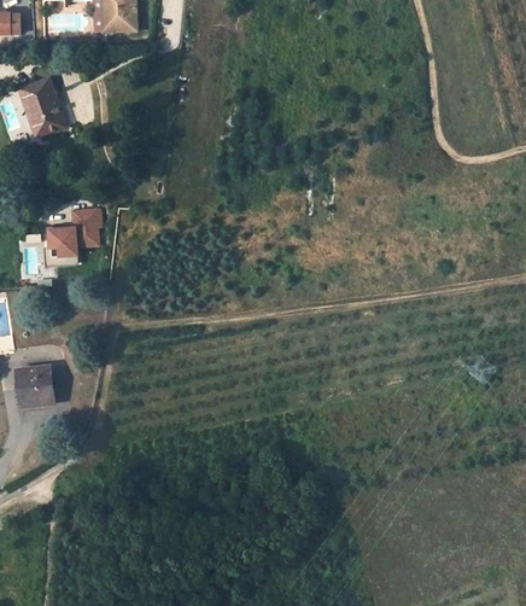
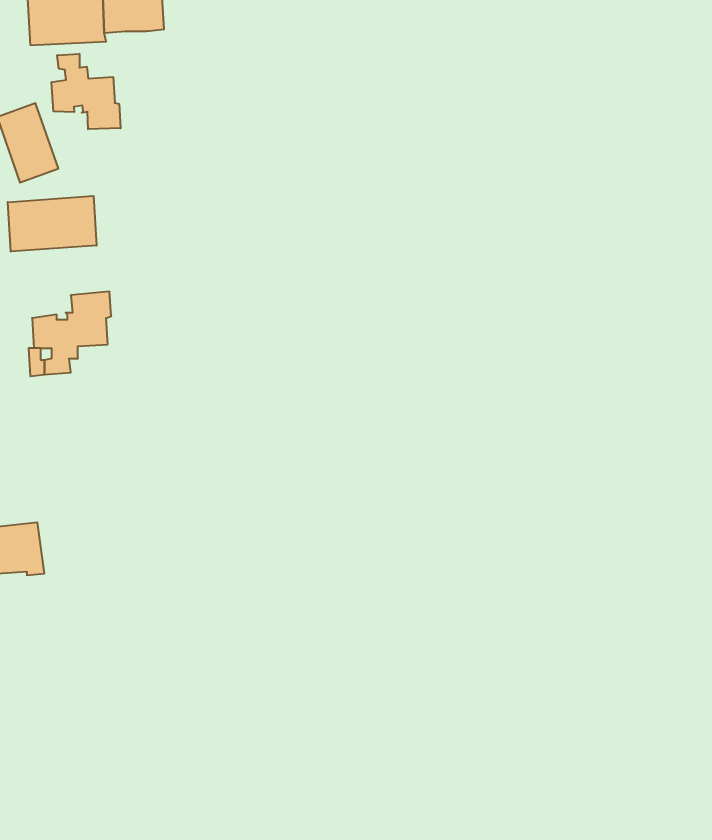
building: none -> [52,54,121,129]
building: none -> [8,196,97,252]

